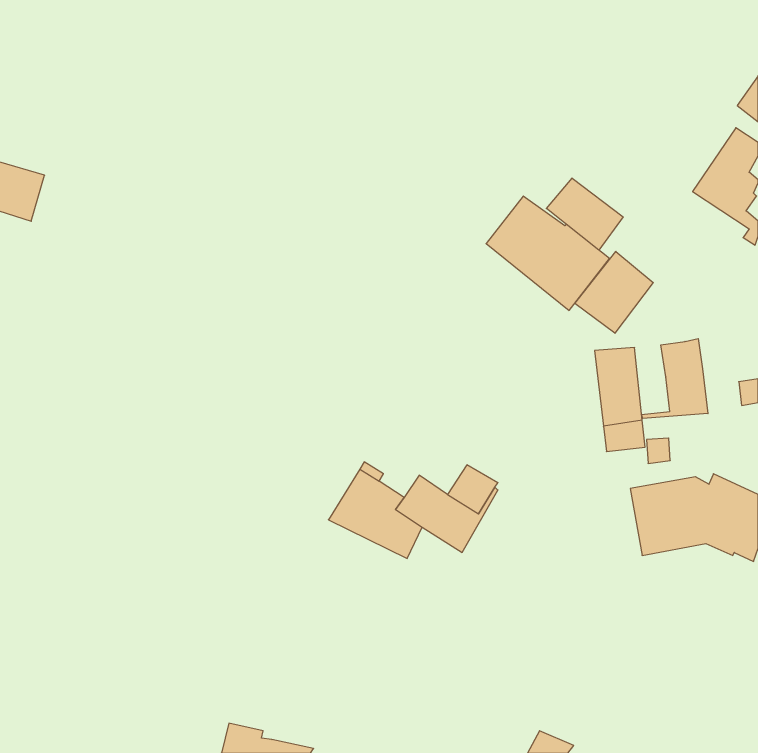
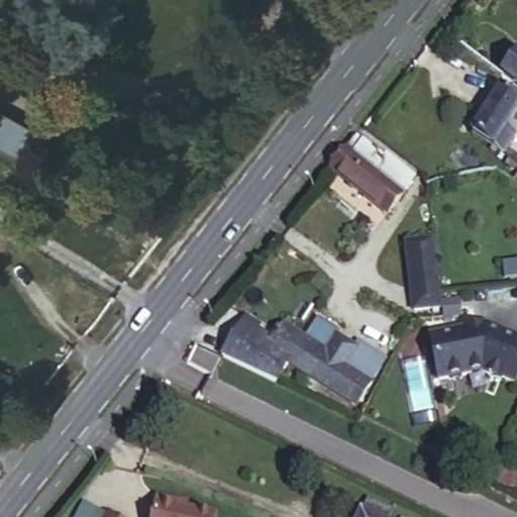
building: [546,178,623,250] -> none
building: [575,251,653,333] -> none
building: [641,339,708,418] -> none
building: none -> [314,333,383,402]

